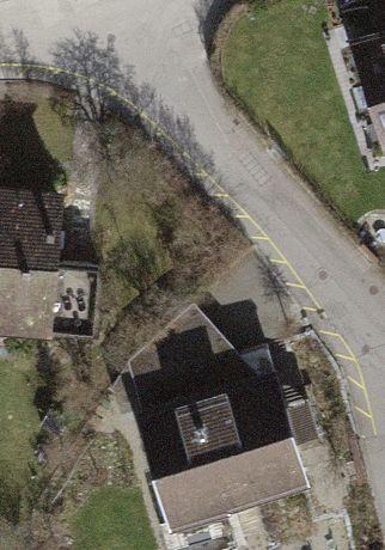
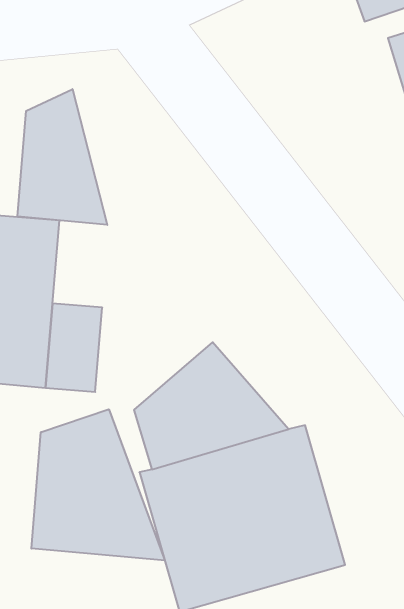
building: none -> [17,89,107,225]
building: none -> [31,409,165,561]

